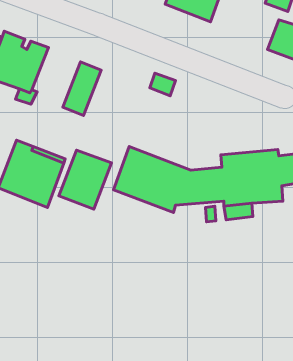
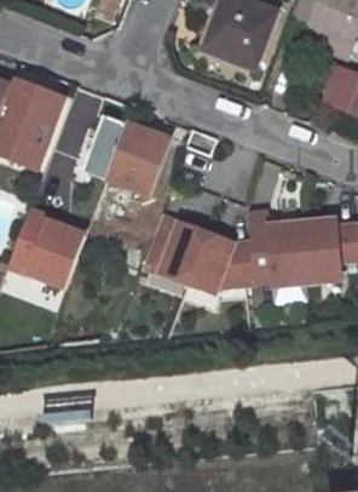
building: [59,150,111,209] -> [109,126,171,195]

